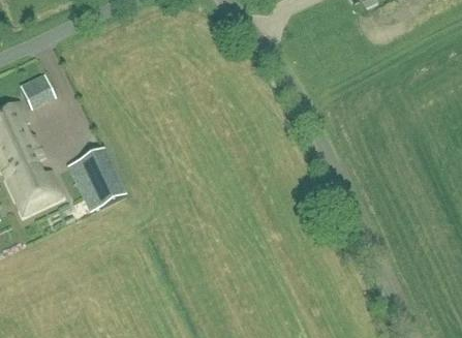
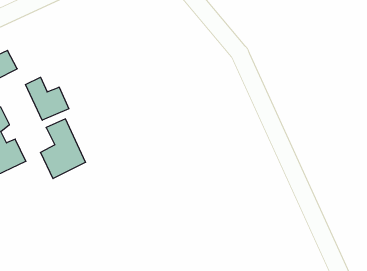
building: none -> [26,77,69,120]

